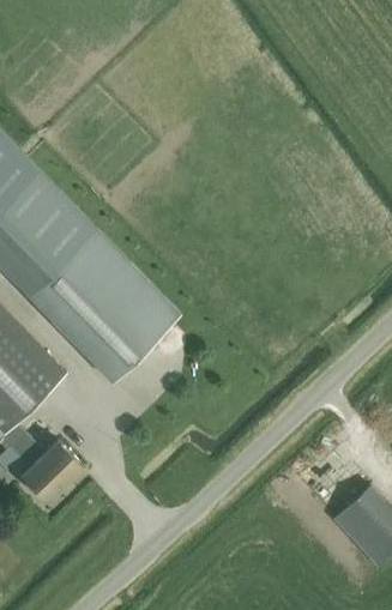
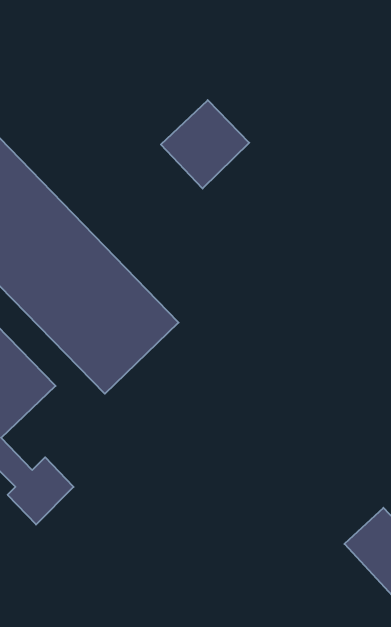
building: none -> [161,100,249,189]

